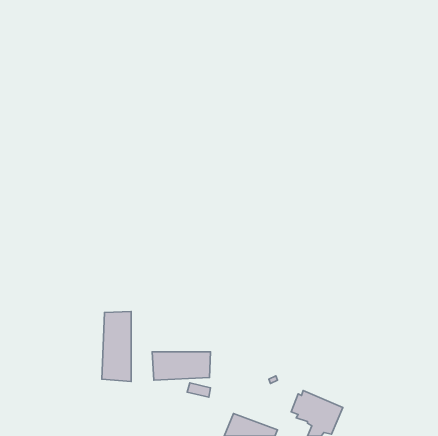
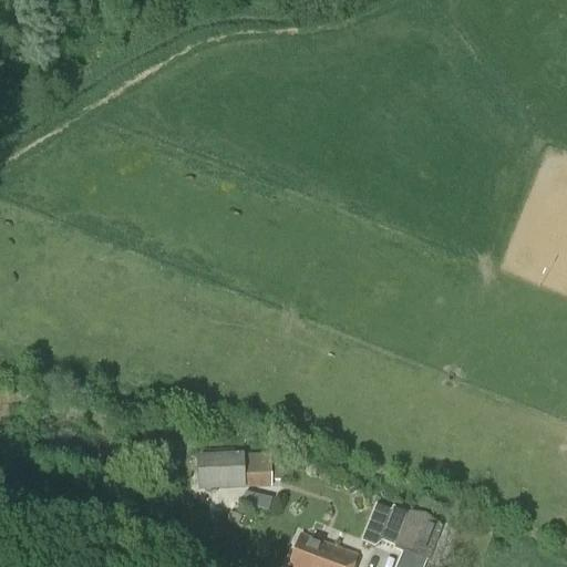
building: [102,312,131,381] -> none

